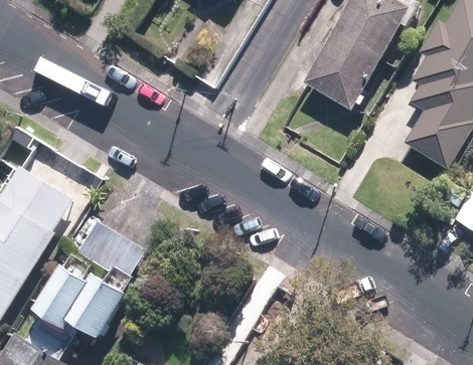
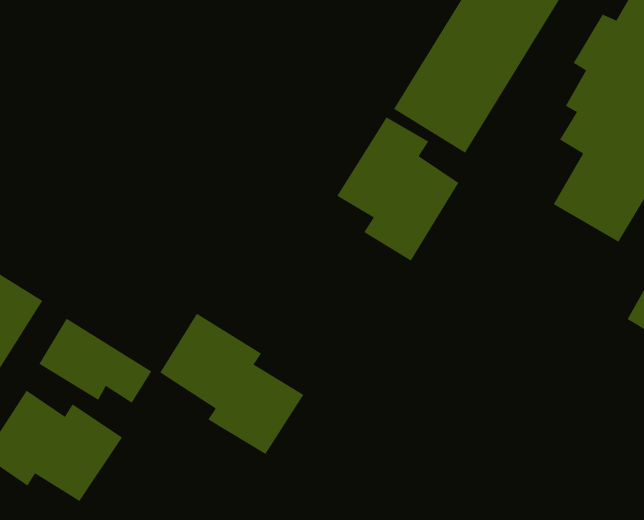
building: none -> [337,116,459,261]
building: none -> [160,313,304,455]

